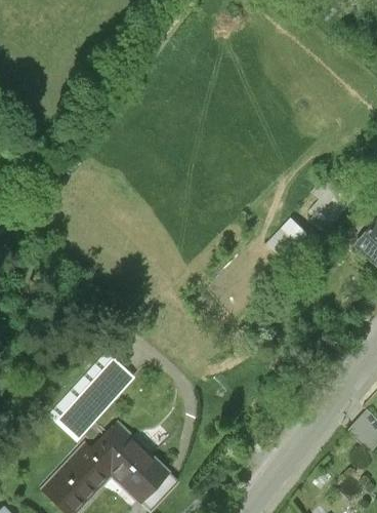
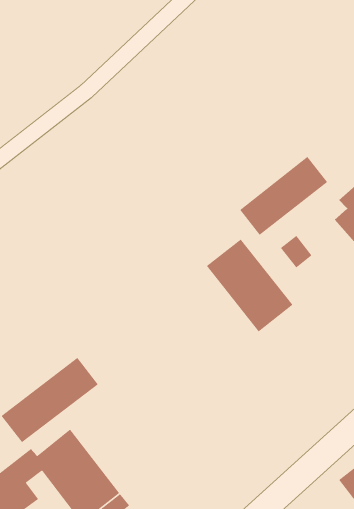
building: none -> [239,156,328,236]
building: none -> [206,238,294,332]

